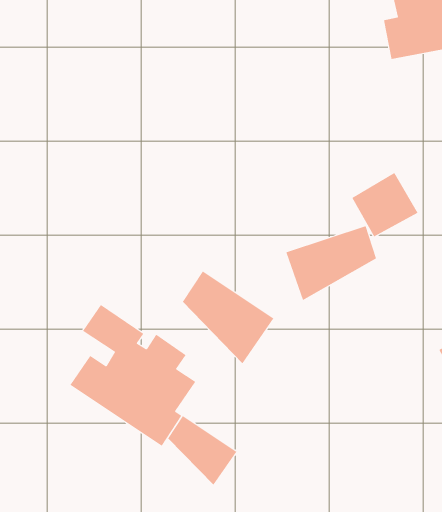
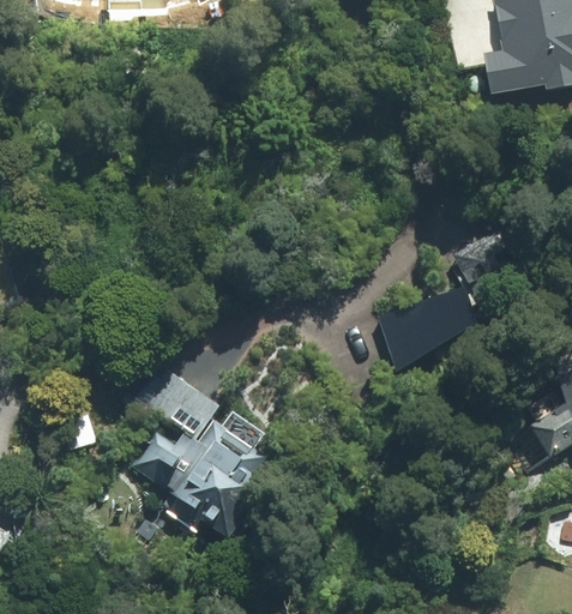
building: [182,271,274,364] -> none
building: [167,415,237,486] -> none

